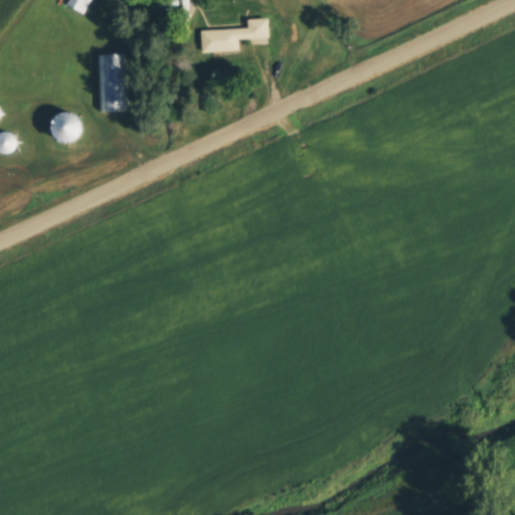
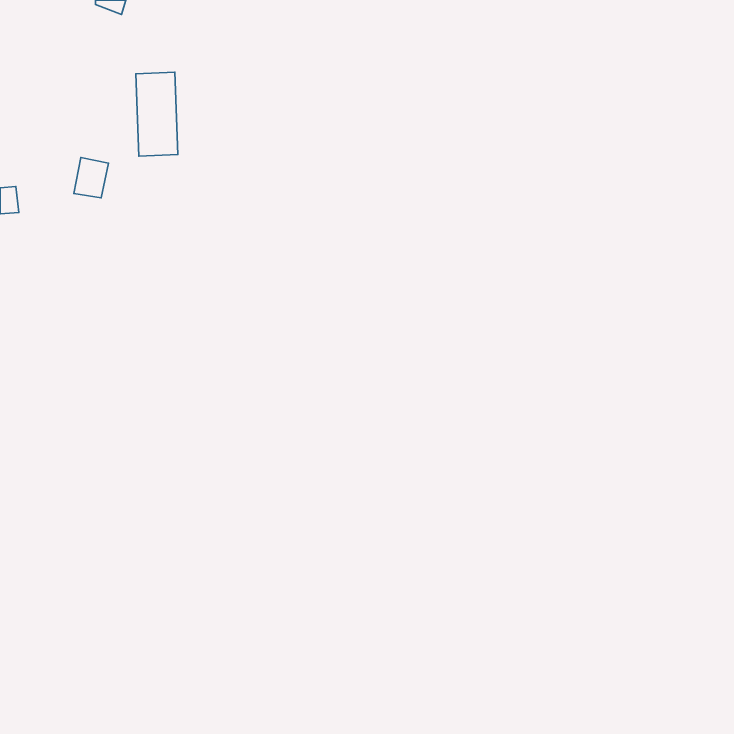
building: [201,18,270,52] -> none

